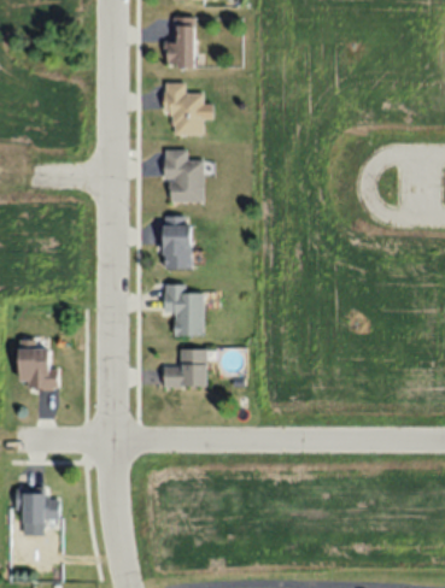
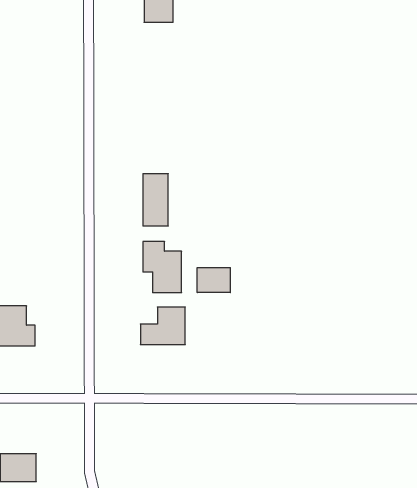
building: [164,82,212,134] -> none
building: [164,148,203,201] -> none
building: none -> [197,268,230,293]

